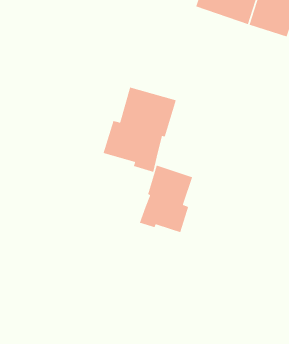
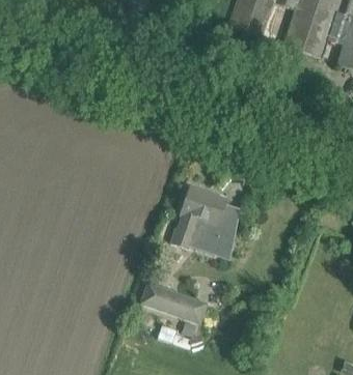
building: [102,87,177,173] -> none
building: none -> [140,281,208,324]

